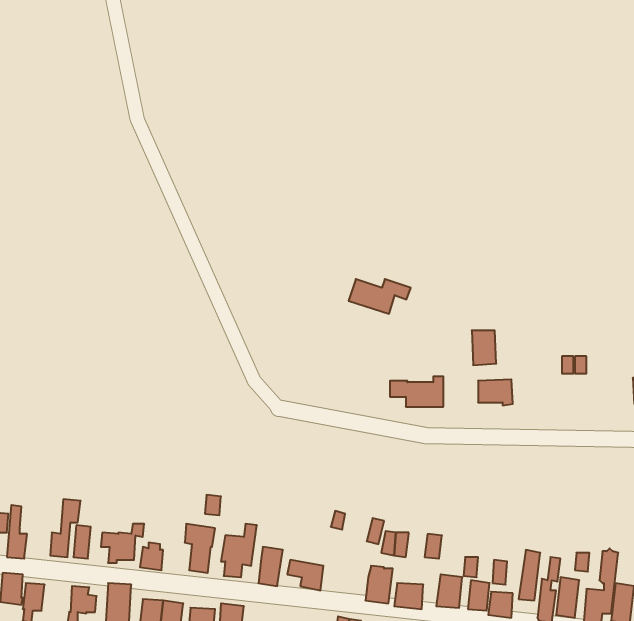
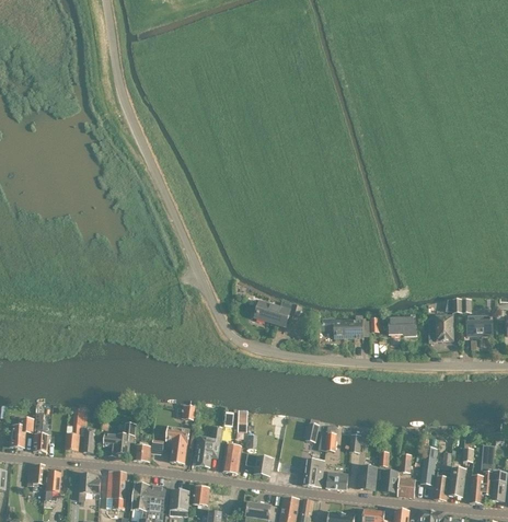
building: [349,279,411,314] -> [254,301,301,327]
building: [472,330,496,365] -> [435,315,453,341]
building: none -> [466,315,492,336]

